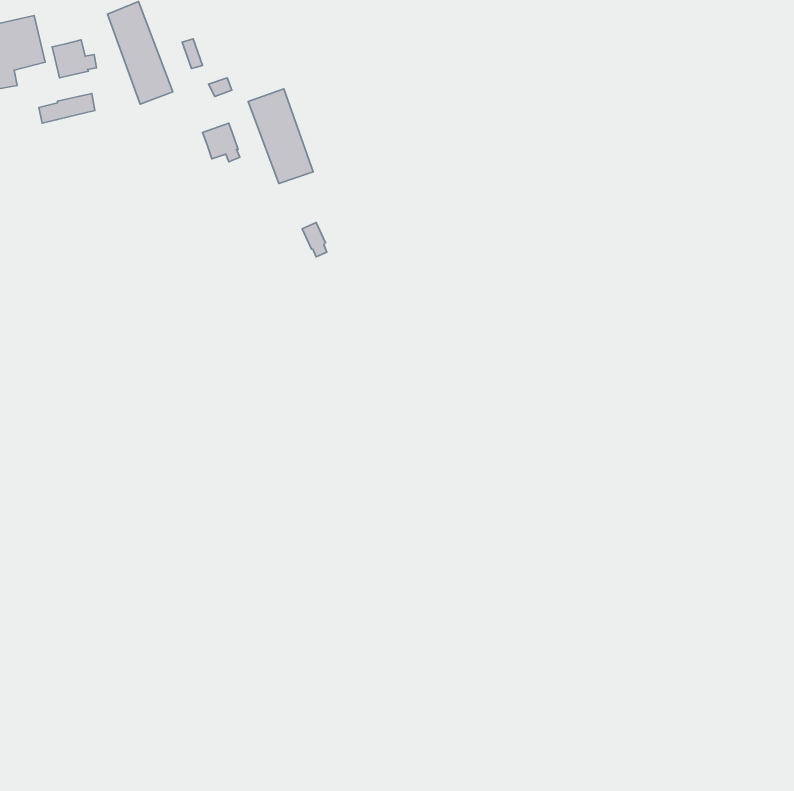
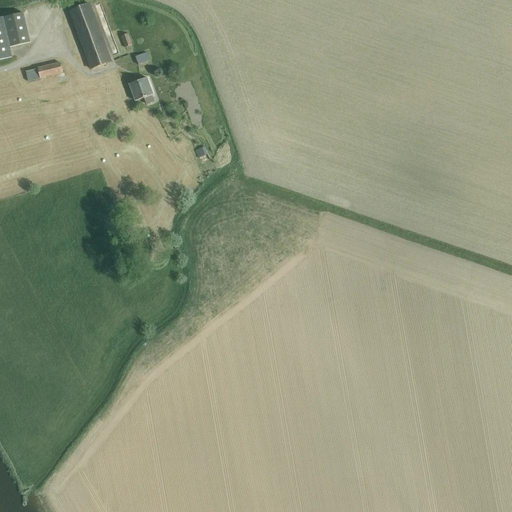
building: [52,40,96,78] -> none
building: [248,89,313,184] -> none

